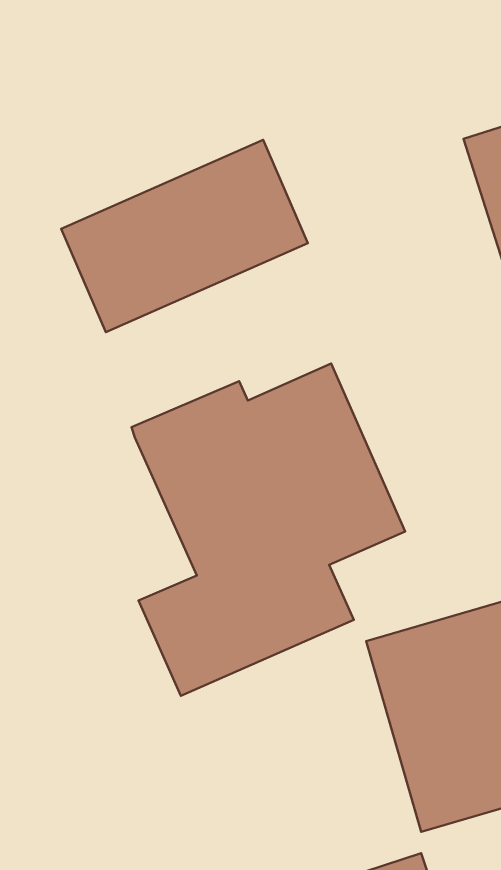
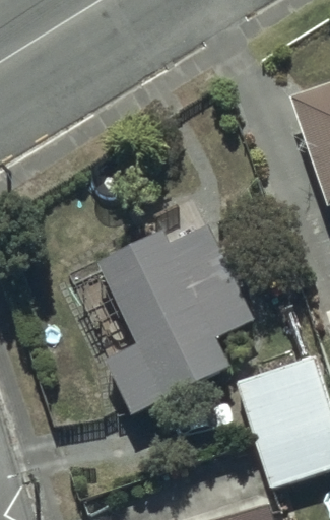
building: [61,140,308,332] -> none

